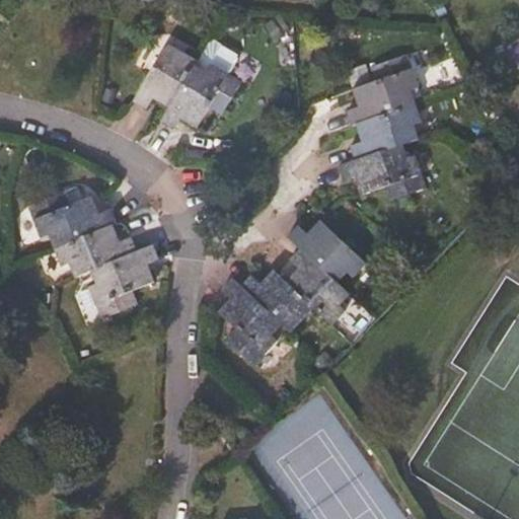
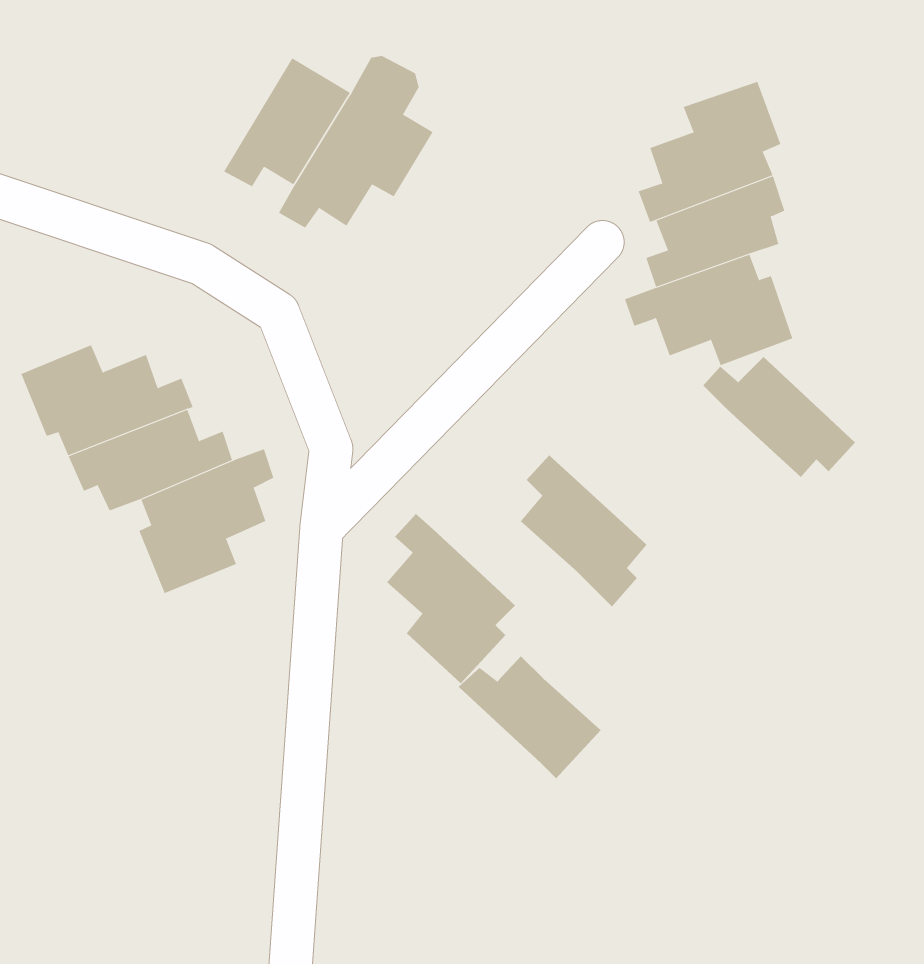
building: [288,218,367,281] -> [703,356,856,478]
building: [240,268,314,331] -> [458,655,601,779]

